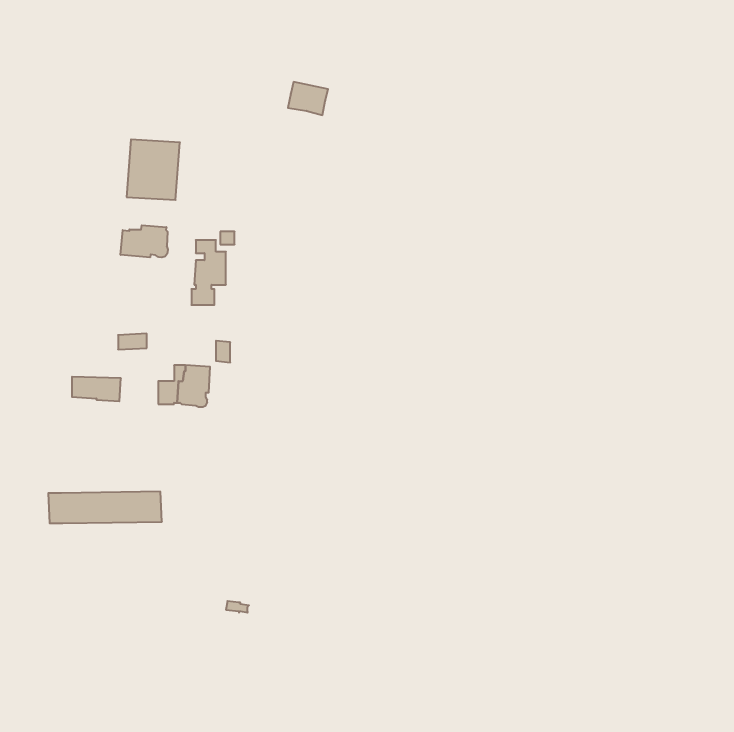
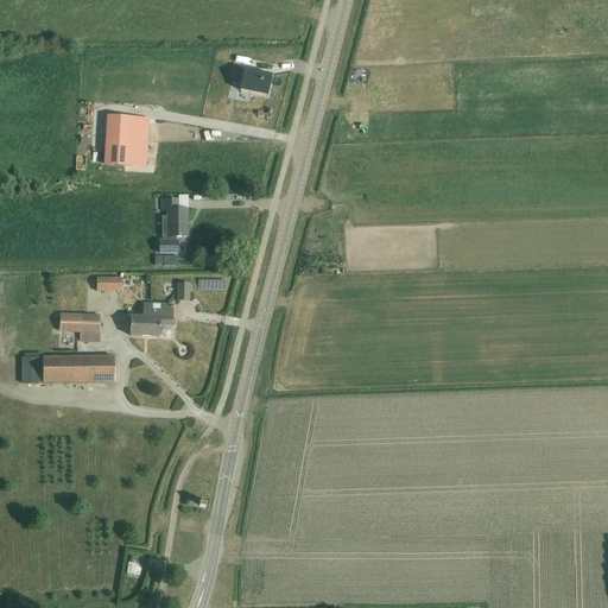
building: [121,225,168,257] -> none
building: [48,492,162,523] -> [21,355,115,381]

